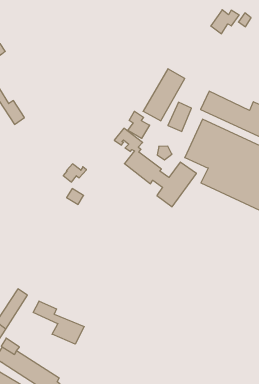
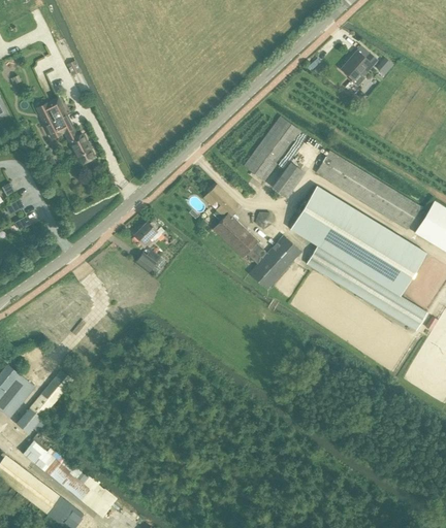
building: [128,111,150,138] -> none
building: [33,301,84,344] -> none

